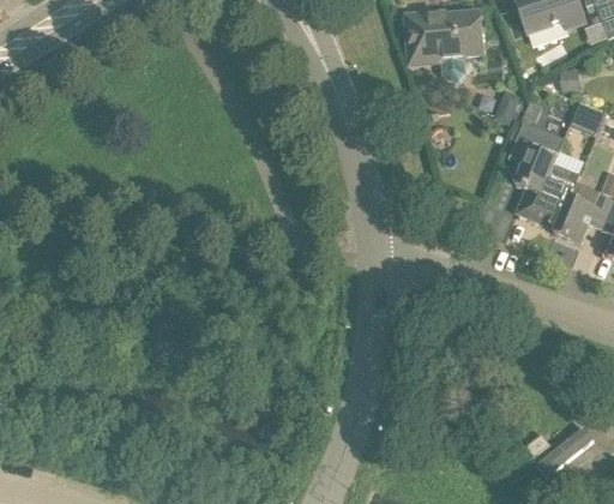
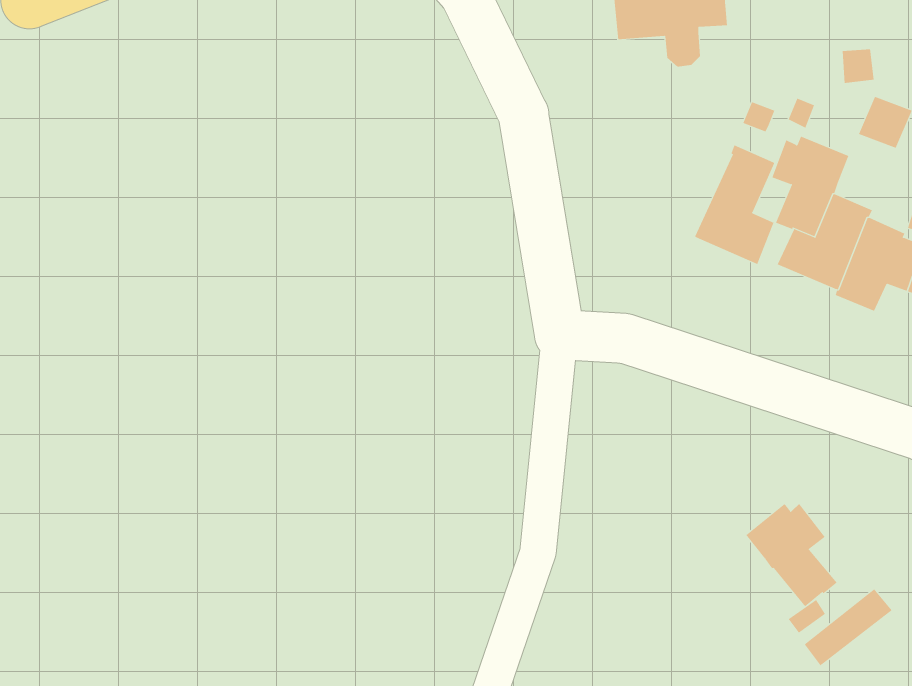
building: none -> [695,145,775,265]
building: none -> [746,503,837,607]

